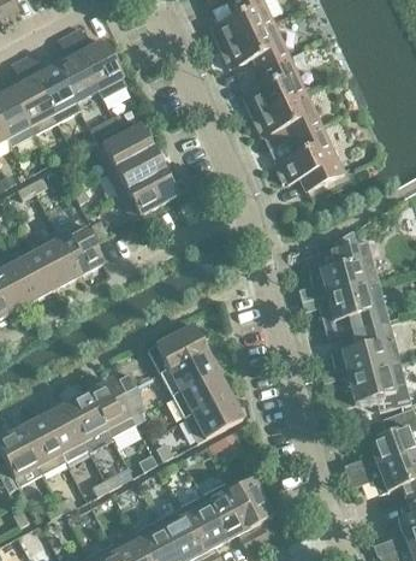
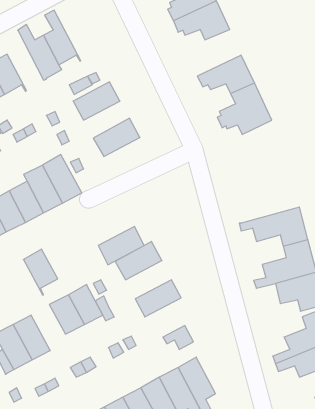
building: [70,28,129,98] -> none
building: [244,58,305,117] -> none
building: [11,59,57,135] -> none
building: [107,148,165,195] -> none
building: [302,242,379,302] -> none
building: [160,349,218,397] -> [98,226,144,265]
building: [184,396,243,444] -> none
building: [41,404,84,462] -> [23,249,58,295]

